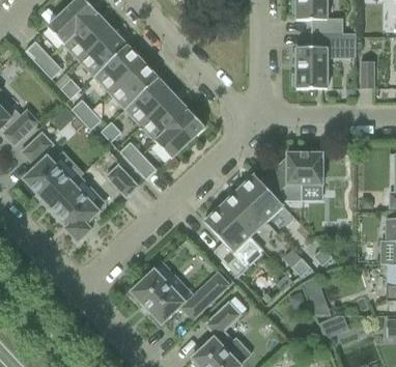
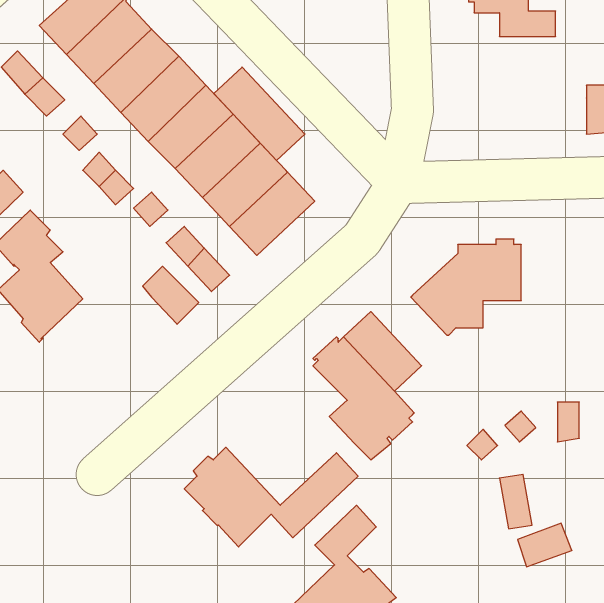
building: [292,32,343,88] -> none
building: none -> [214,67,305,161]
building: [237,173,283,221] -> none
building: [49,182,100,242] -> none

